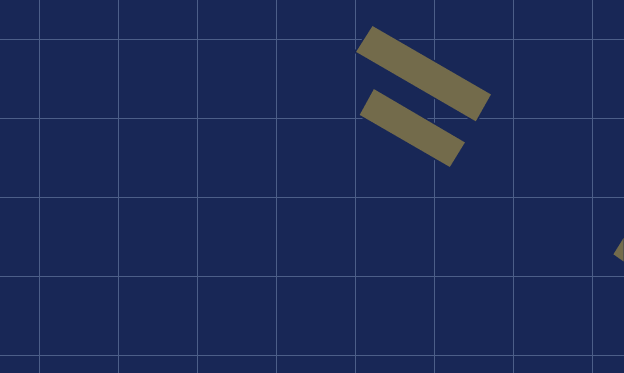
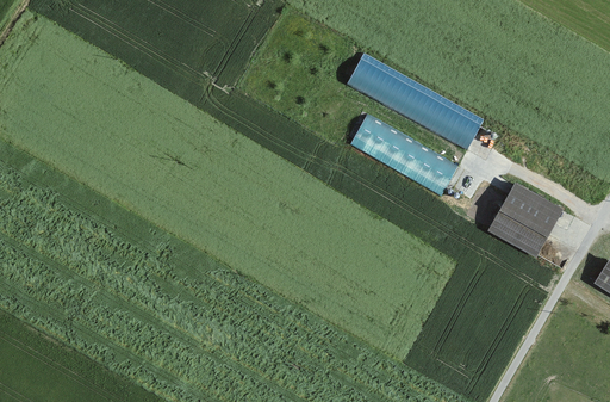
building: none -> [488,183,561,254]

